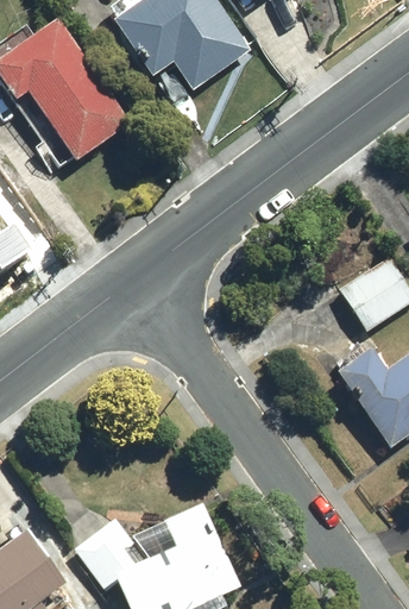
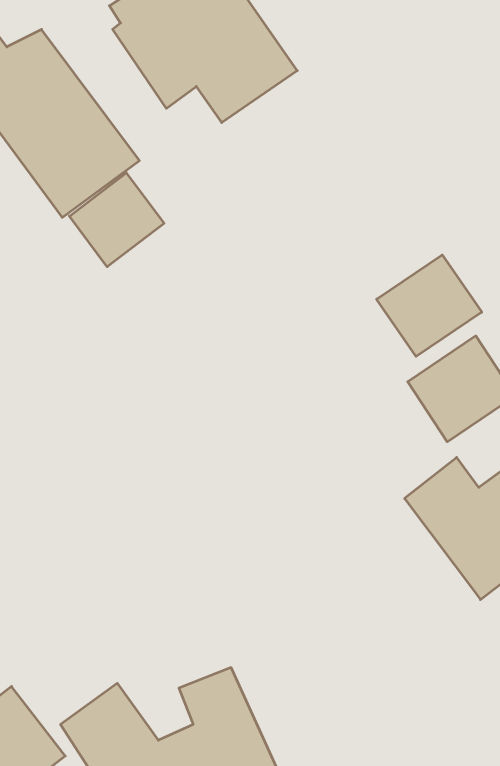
building: none -> [69,173,164,267]
building: none -> [377,255,482,356]

